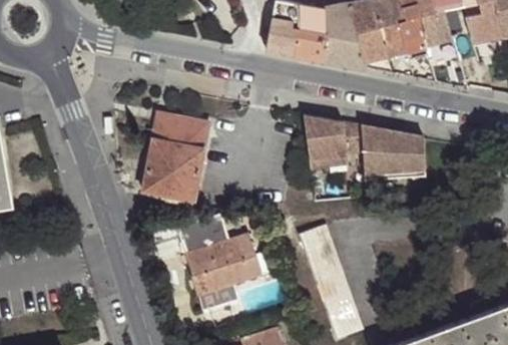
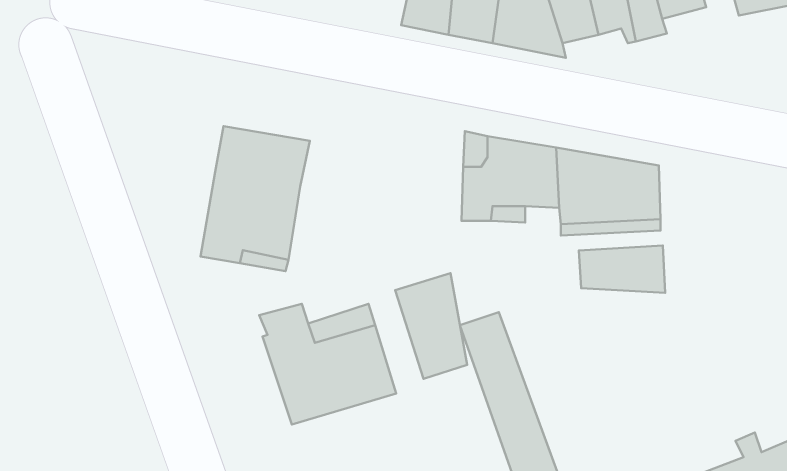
building: none -> [579,246,665,293]
building: none -> [395,273,467,379]

